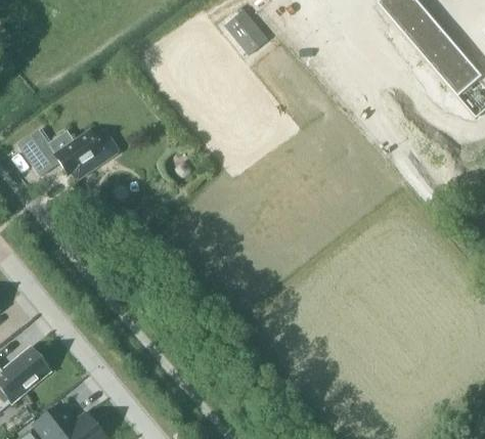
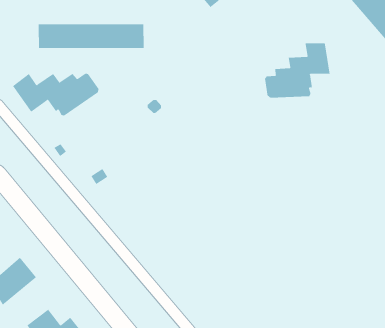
building: none -> [38,23,144,49]
building: none -> [265,43,330,98]

